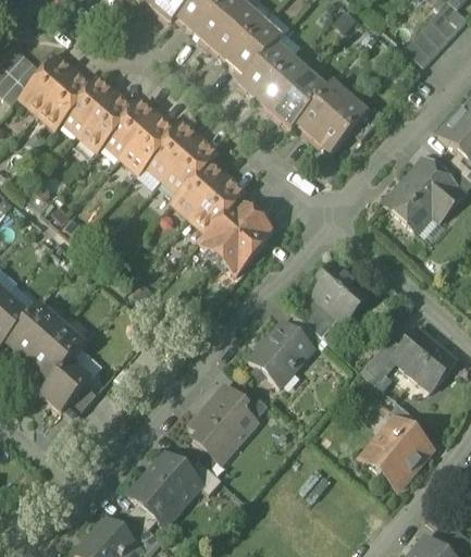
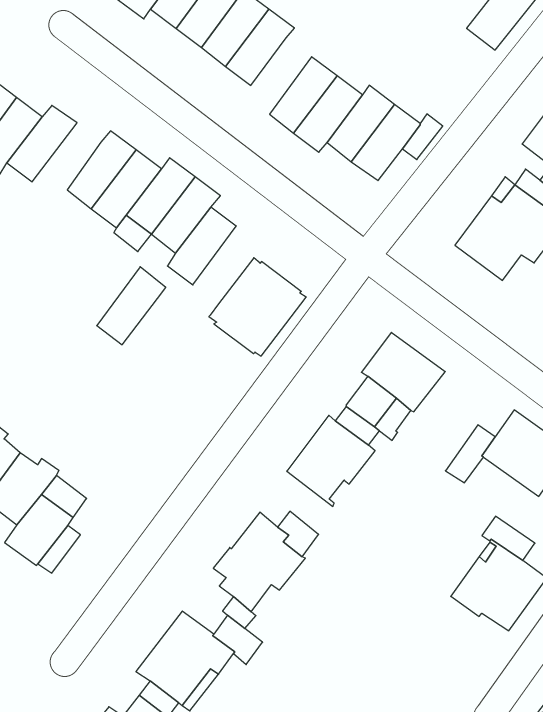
building: [239,44,290,98] -> none
building: [80,94,133,149] -> none
building: [191,177,244,233] -> [97,267,166,345]

